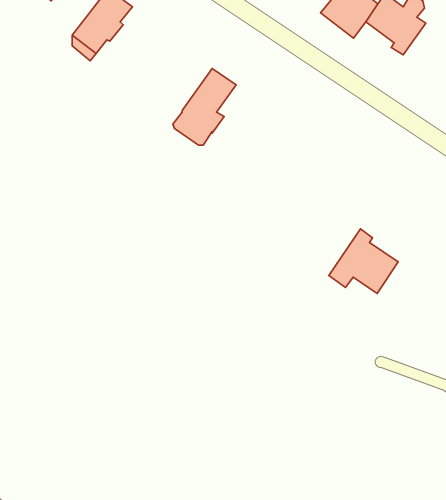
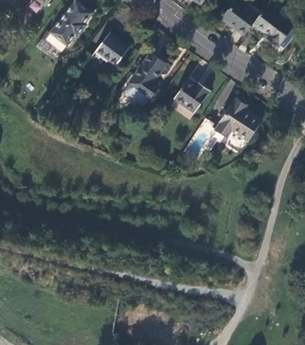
building: none -> [94,34,127,66]
building: none -> [173,79,209,113]
building: [329,229,398,294] -> [214,99,260,142]

